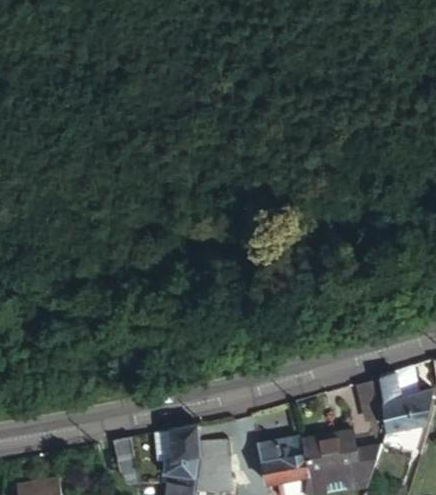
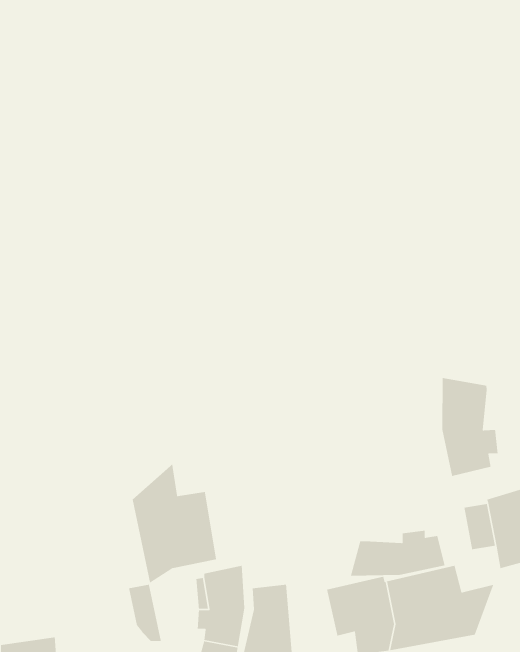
building: none -> [441,377,499,477]
building: none -> [132,463,217,584]
building: none -> [350,530,446,577]

